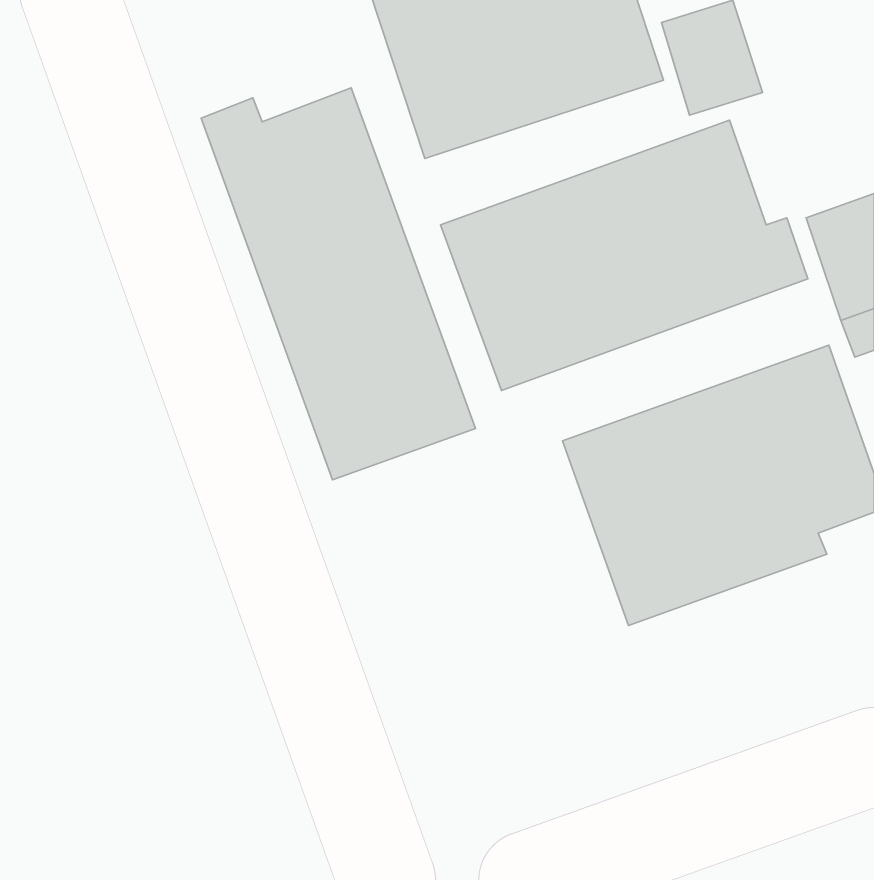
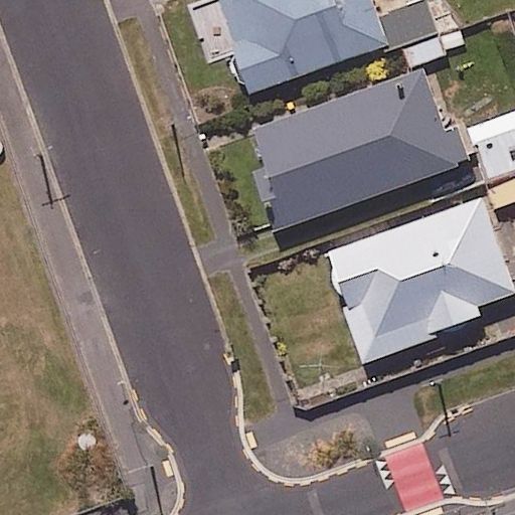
building: [201,88,476,480] -> none

